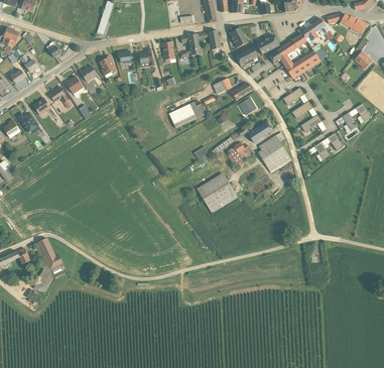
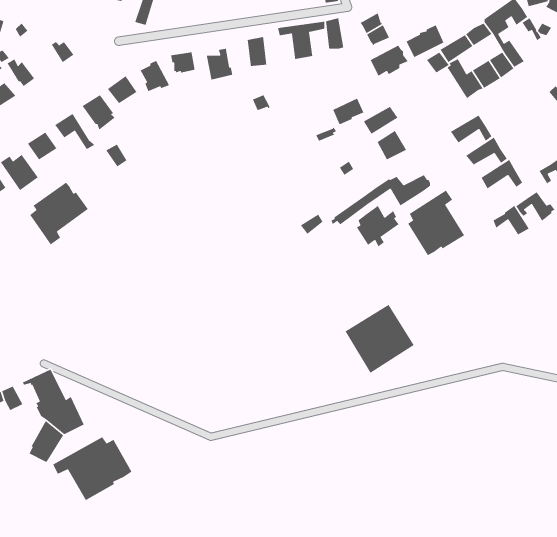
building: [168,101,207,128] -> none
building: none -> [29,182,89,245]
building: [197,172,238,214] -> [345,304,414,374]
building: none -> [52,436,132,501]

